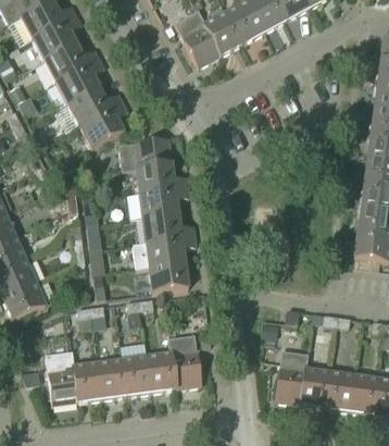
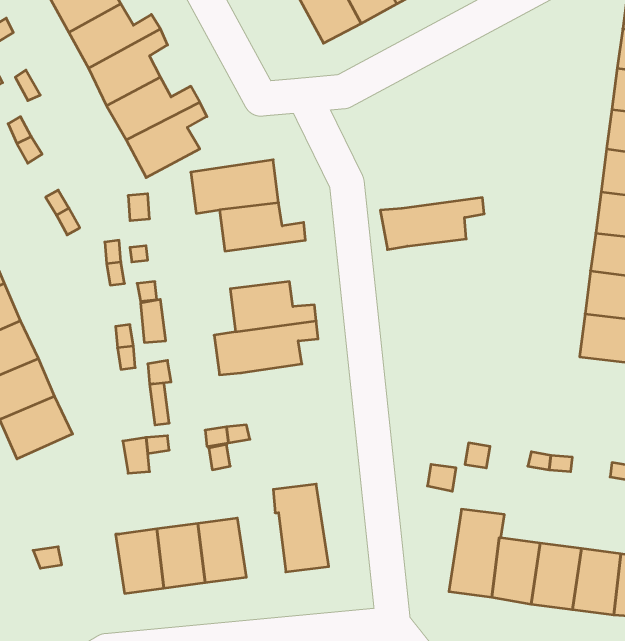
building: [126,186,189,218] -> [380,198,484,250]
building: [149,261,189,292] -> none
building: [46,350,78,404] -> none
building: [147,351,176,391] -> none

